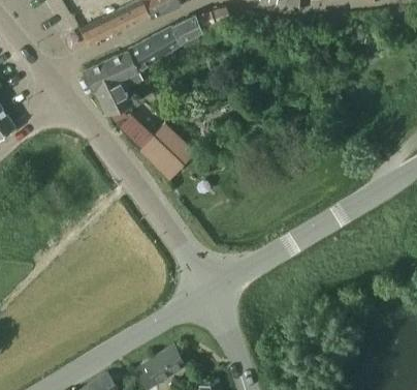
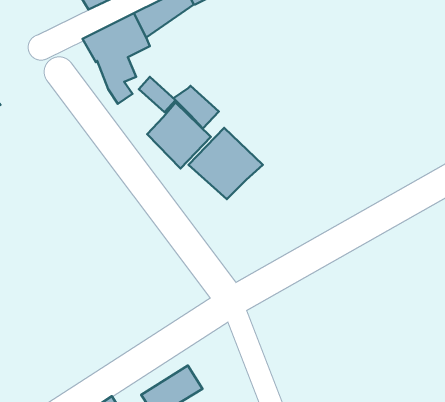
building: [115,115,153,151] -> [173,86,219,129]
building: none -> [188,128,263,199]

